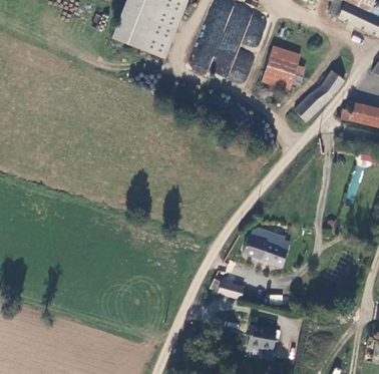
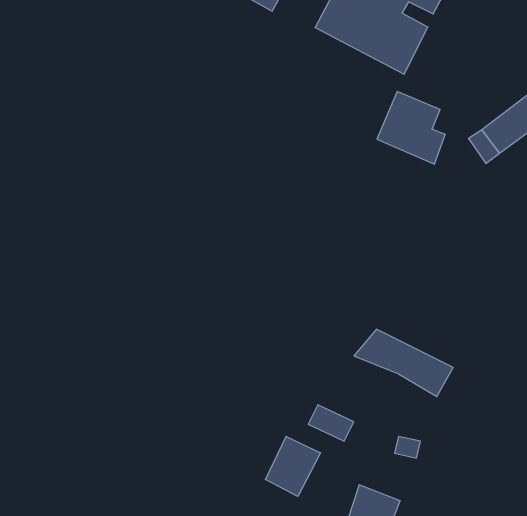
building: [266,45,305,84] -> [377,92,445,164]
building: none -> [266,436,320,496]

